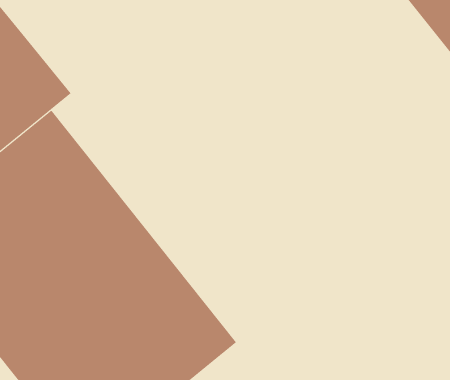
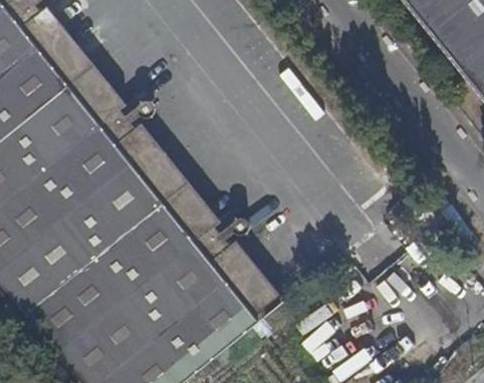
building: none -> [90,91,277,319]

